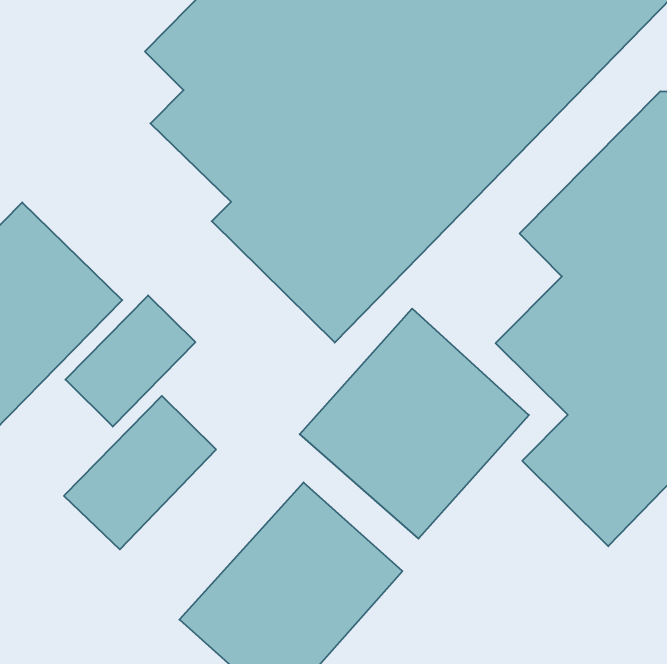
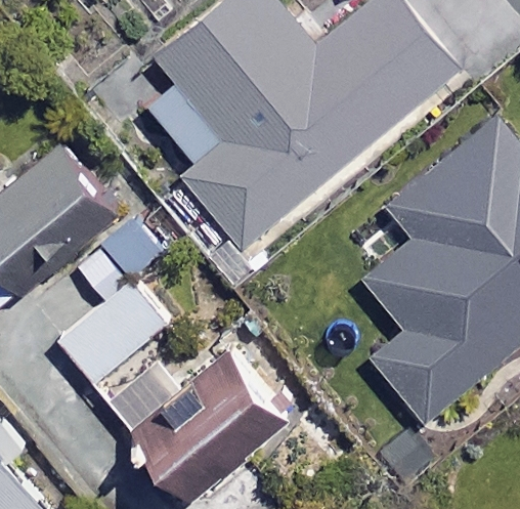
building: [300,309,529,539] -> none

